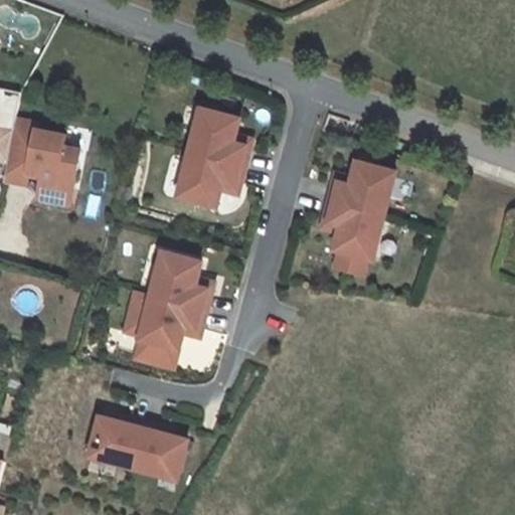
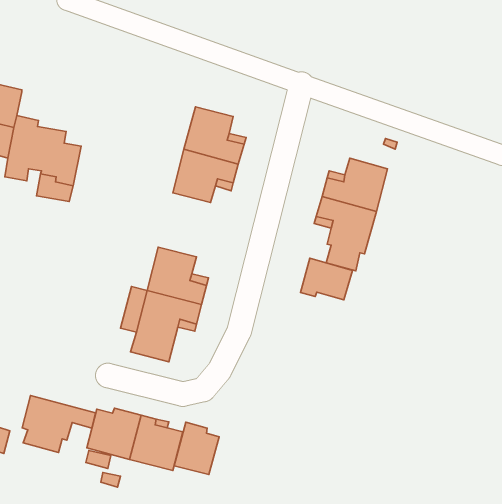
building: none -> [301,258,352,300]
building: none -> [22,395,95,452]
building: none -> [174,422,219,475]

